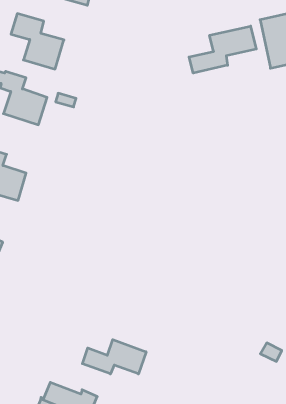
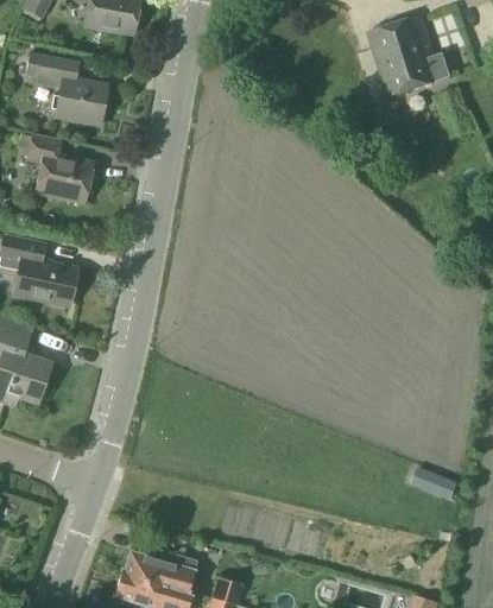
building: [189,26,256,73] -> none
building: [82,340,146,374] -> none

